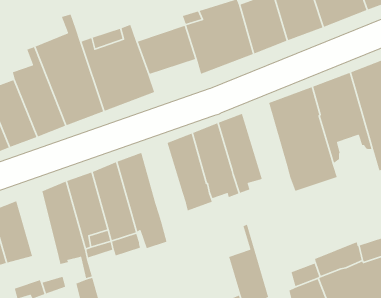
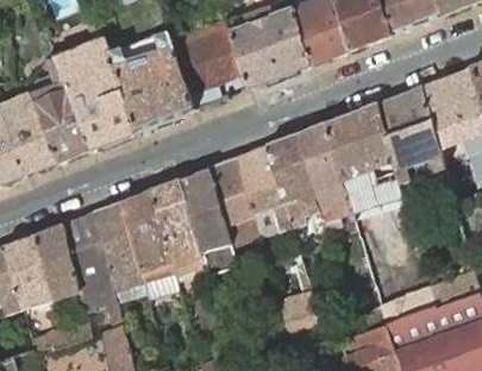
building: none -> [295,121,357,237]
building: none -> [179,168,234,270]
building: none -> [33,224,79,296]

